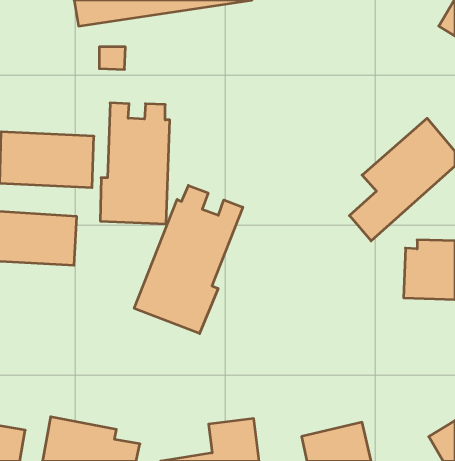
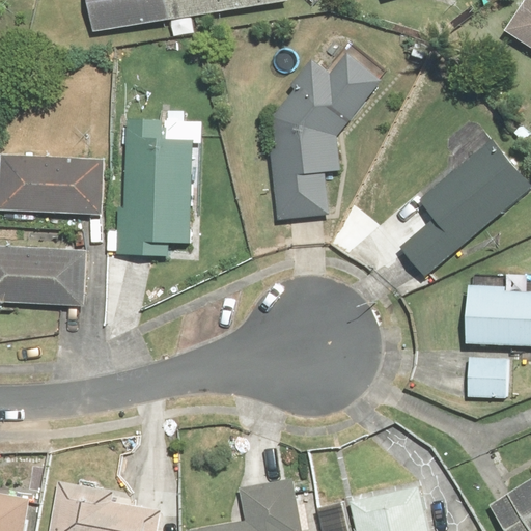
building: none -> [276,52,381,216]
building: [134,185,243,334] -> none
building: none -> [464,358,508,396]

